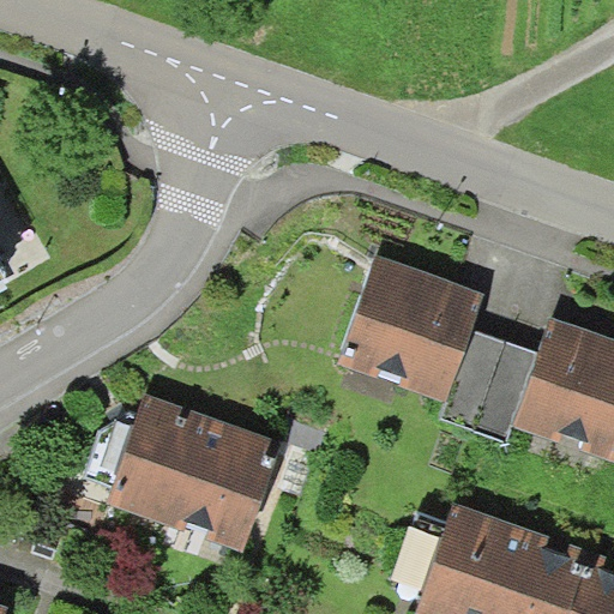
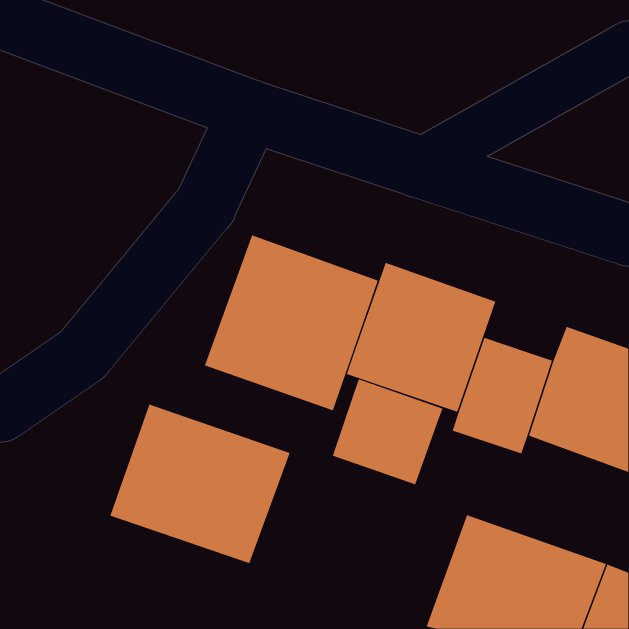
building: none -> [204,235,379,411]
building: none -> [332,378,443,485]

